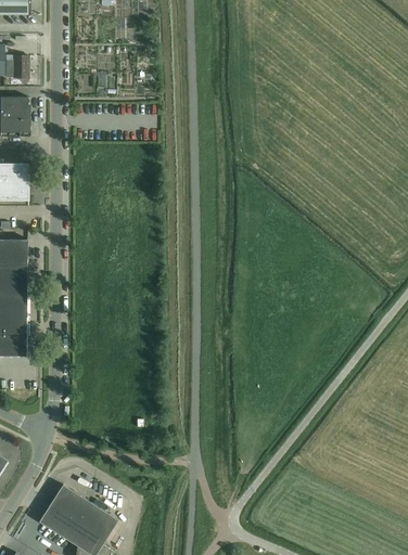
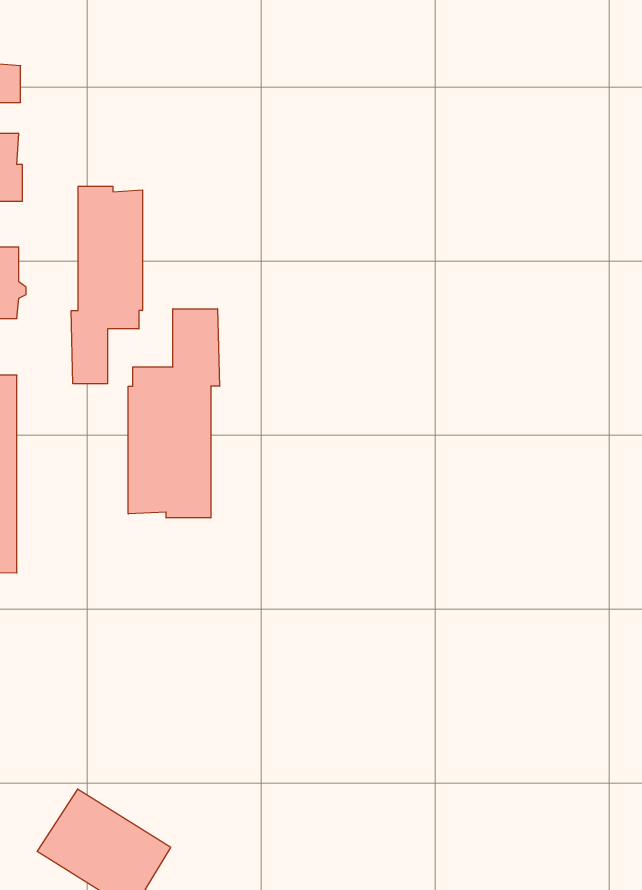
building: none -> [71,186,142,384]
building: none -> [128,309,220,518]

